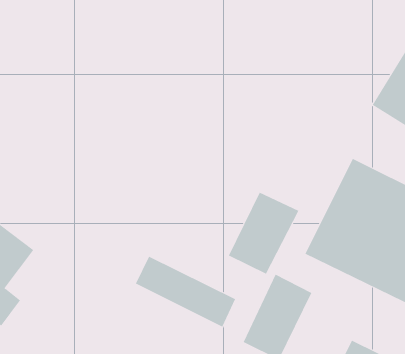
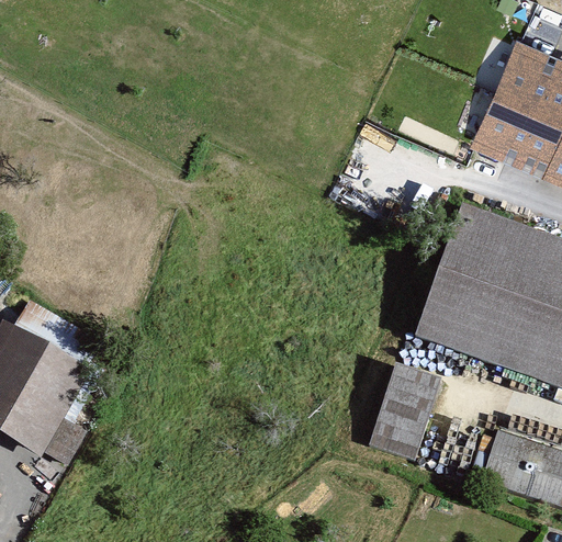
building: [228,192,299,275] -> none
building: [135,256,236,328] -> none

